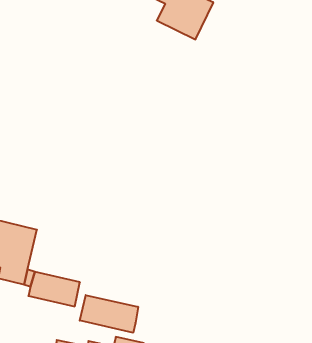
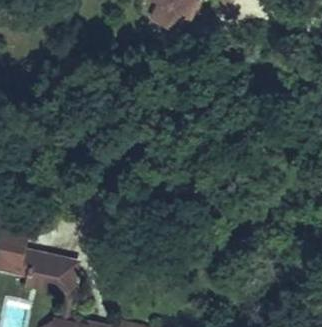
building: [80,295,138,333] -> none

